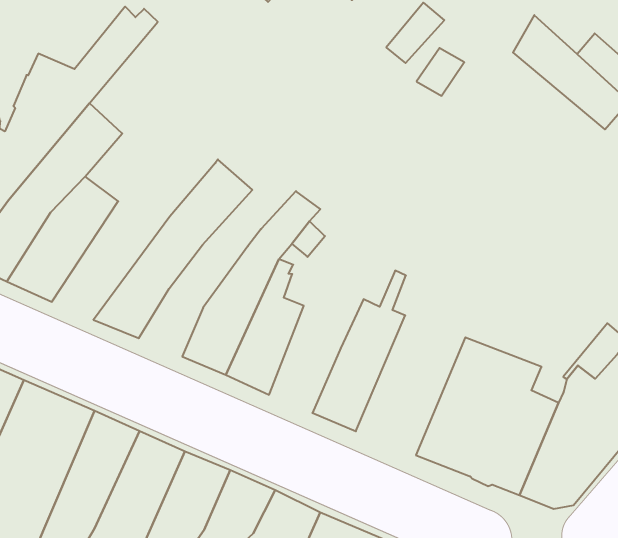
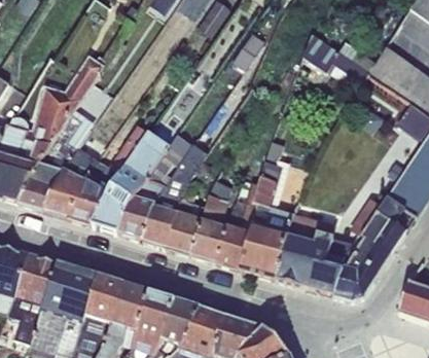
building: none -> [68,123,148,224]
building: none -> [117,133,193,239]
building: none -> [241,138,294,278]
building: none -> [191,177,233,261]

